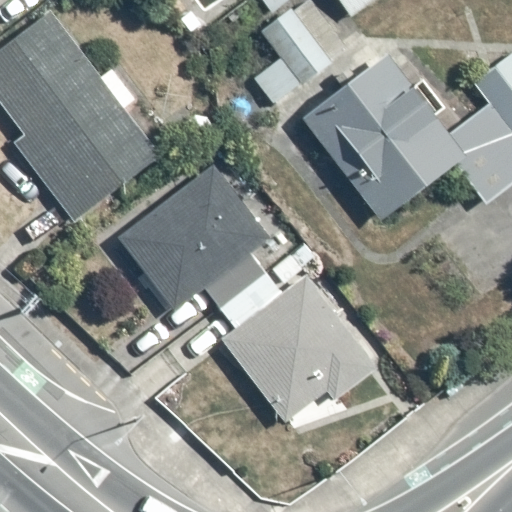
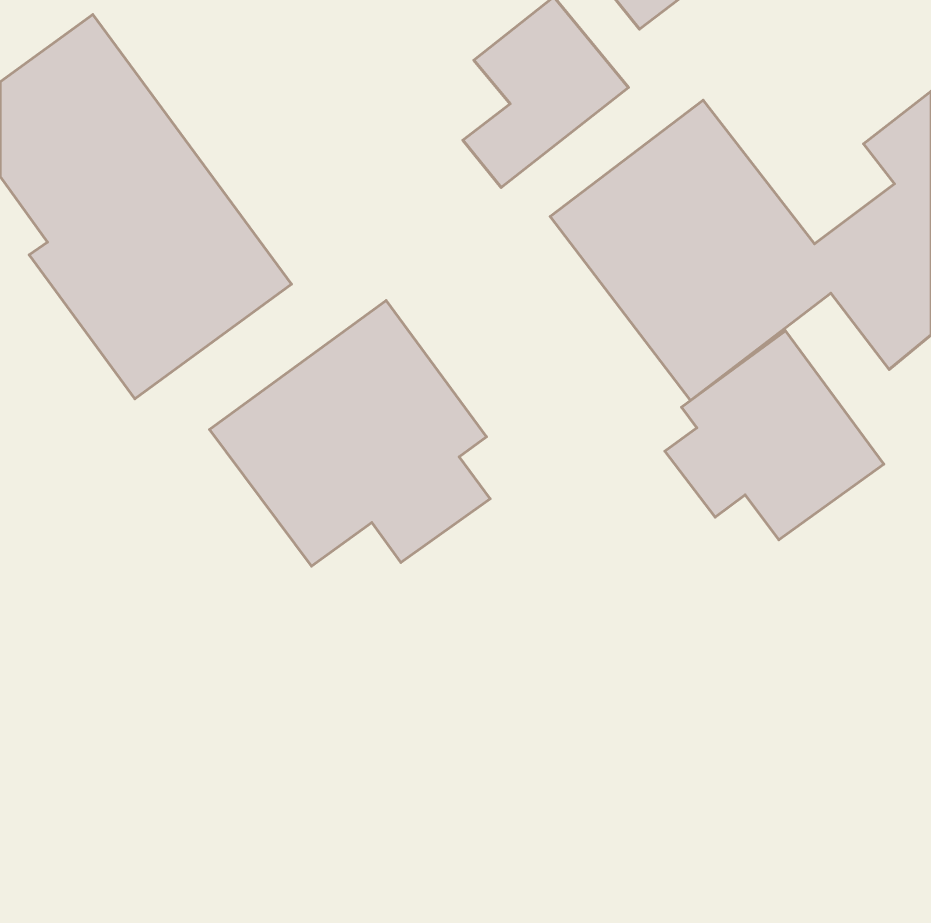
building: none -> [665,331,884,540]
building: [220,274,376,422] -> none

